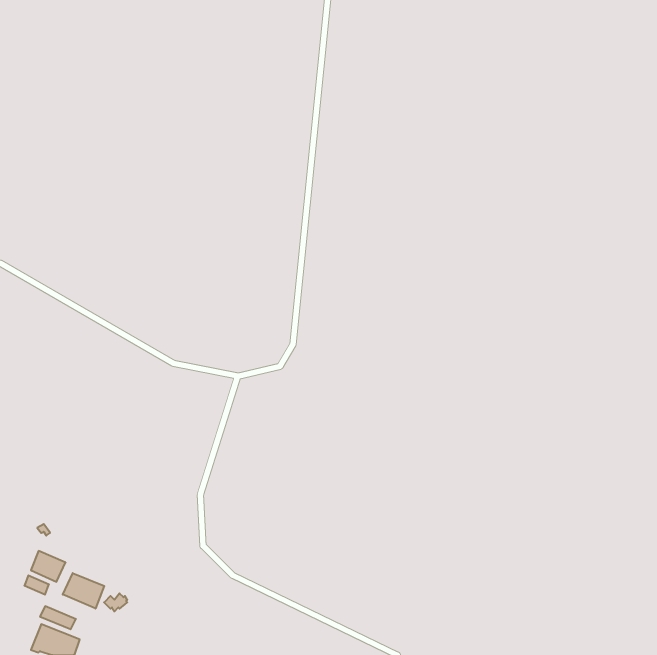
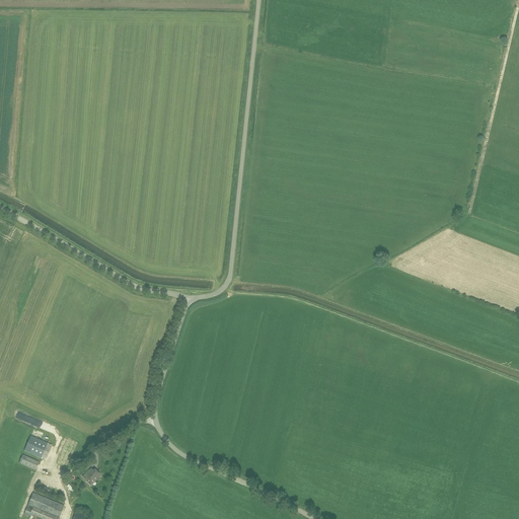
building: [63,573,104,609] -> none

